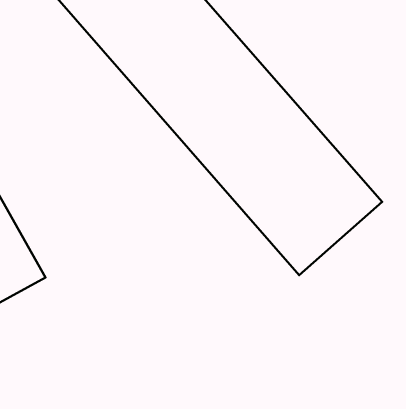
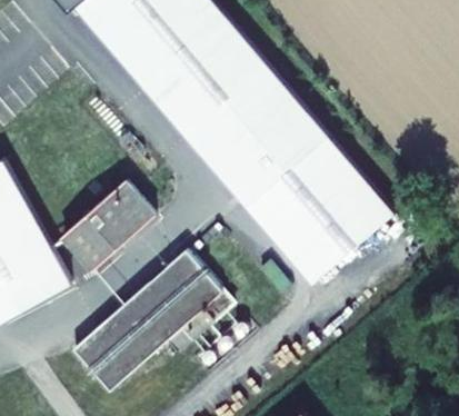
building: none -> [58,172,153,264]
building: none -> [67,242,230,387]

